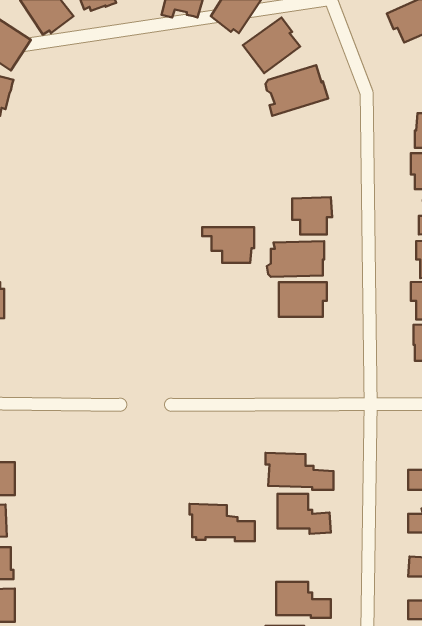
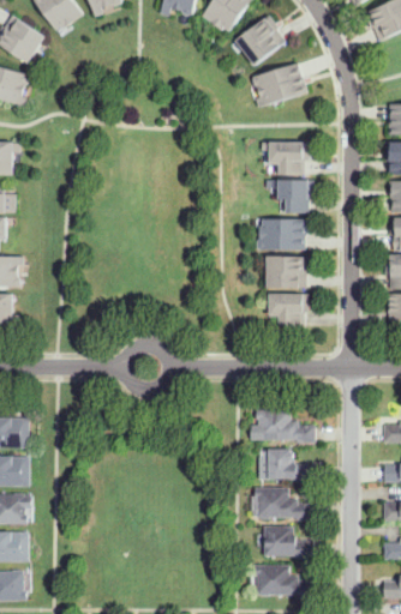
building: [202,227,254,263] -> [261,142,307,174]
building: none -> [268,294,307,325]
building: [189,504,255,541] -> [253,487,312,520]

